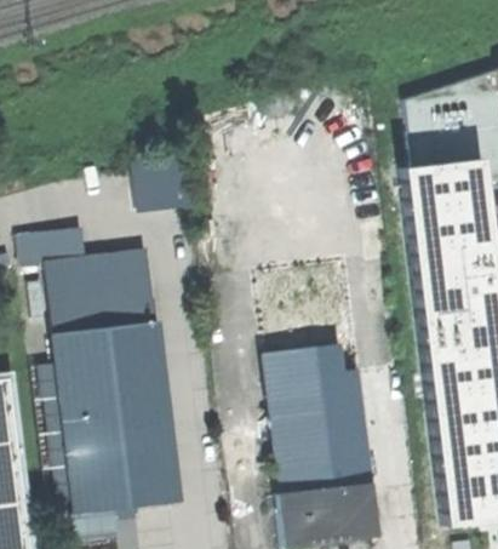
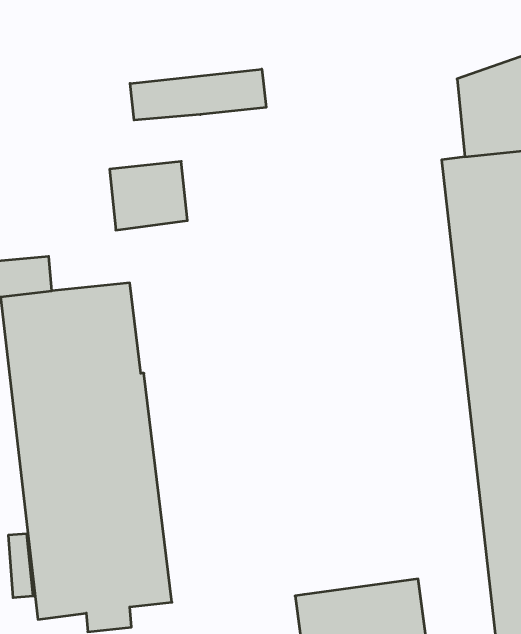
building: none -> [130,69,266,120]
building: [264,345,371,493] -> none

